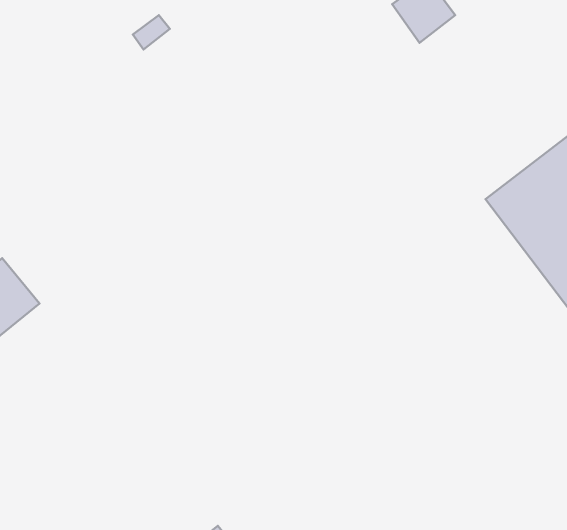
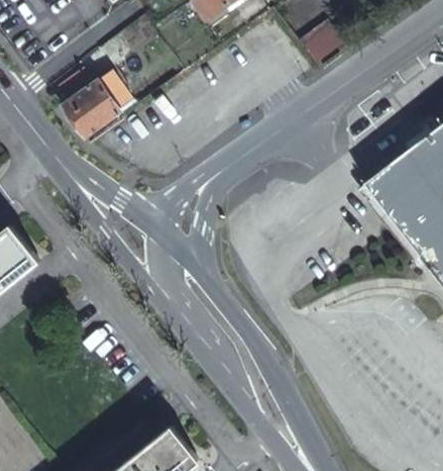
building: none -> [62,79,121,139]

